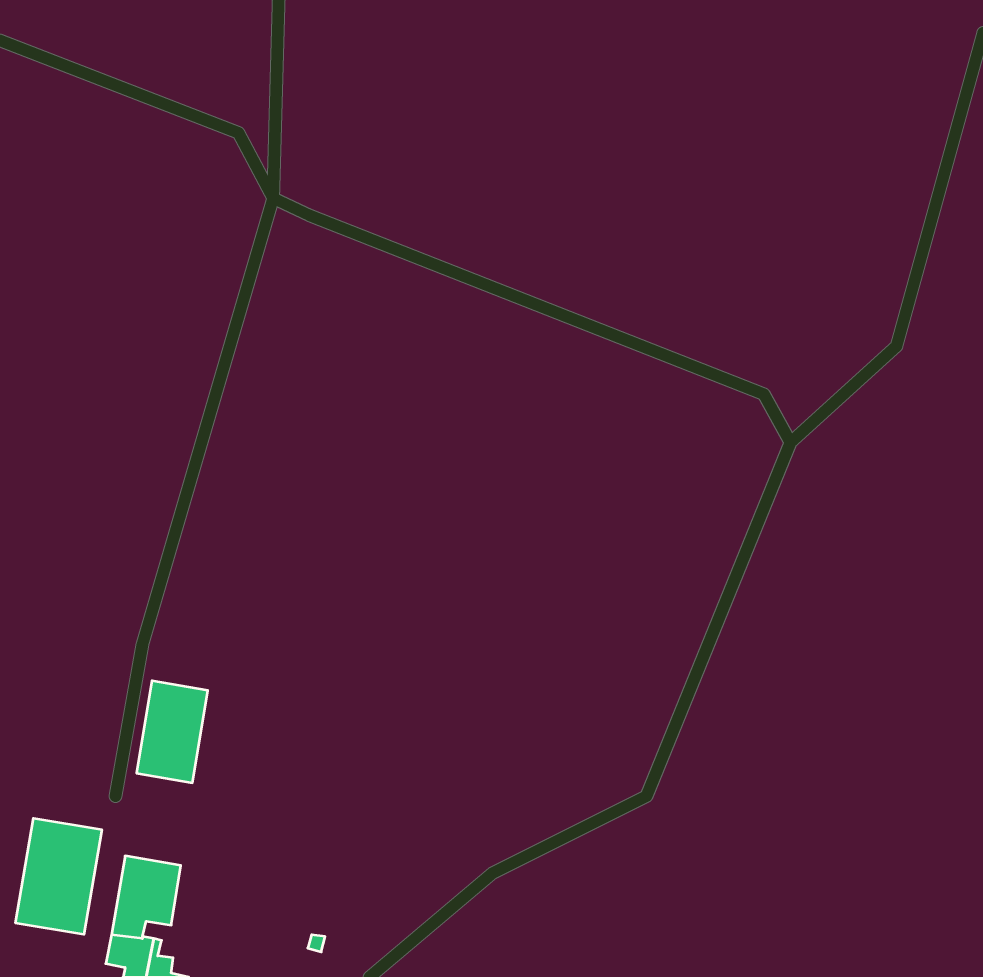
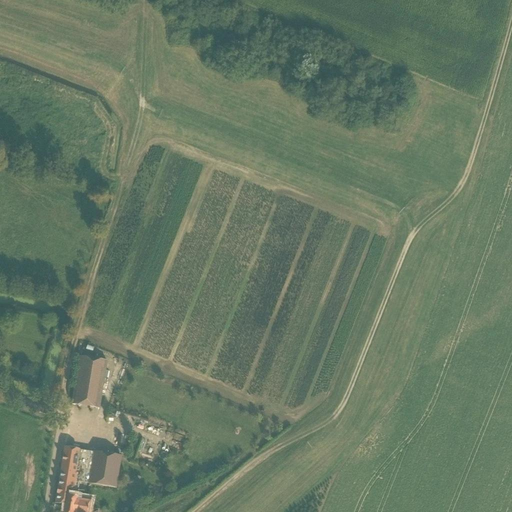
building: [16,818,102,934] -> none
building: none -> [89,450,121,486]

